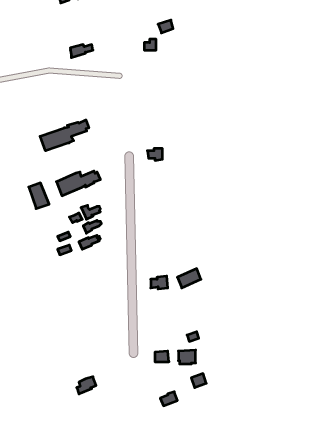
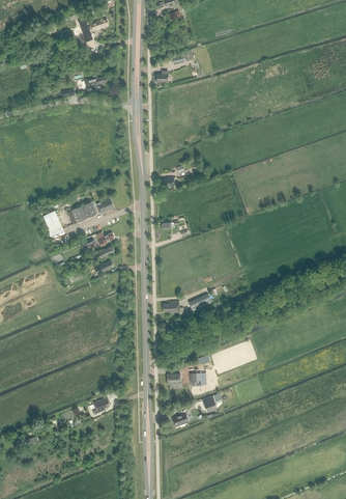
building: [40,120,89,151] -> none

